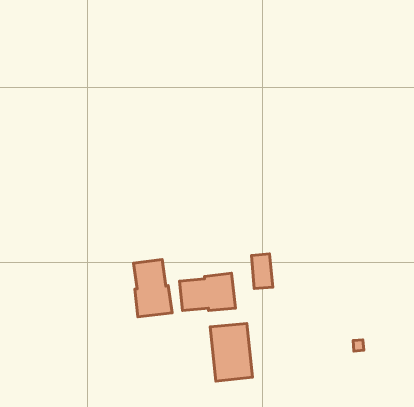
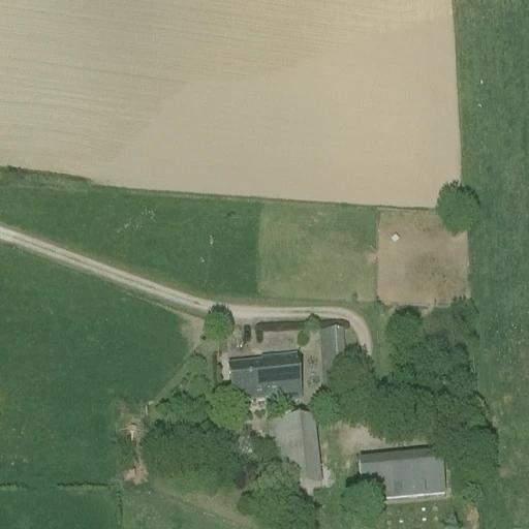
building: [134,260,172,317] -> none
building: none -> [360,447,446,495]

